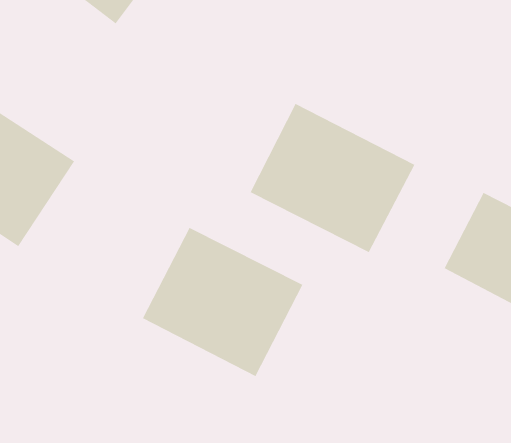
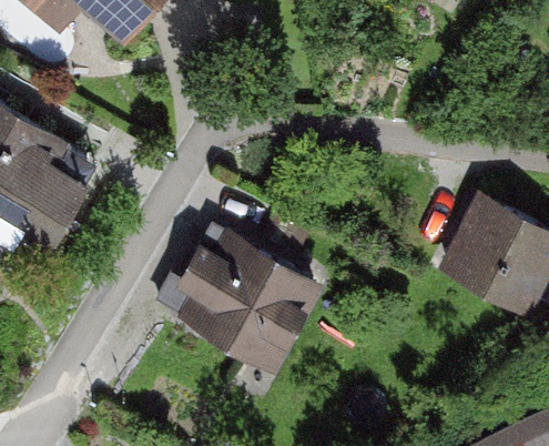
building: [250,103,415,253] -> none

